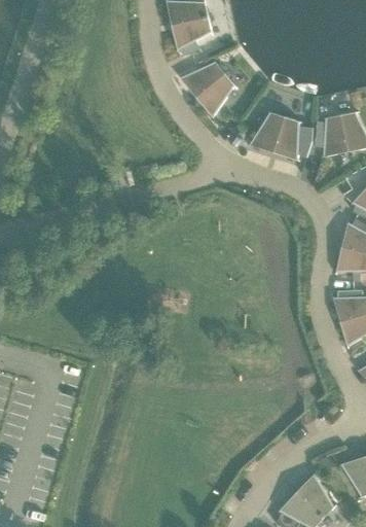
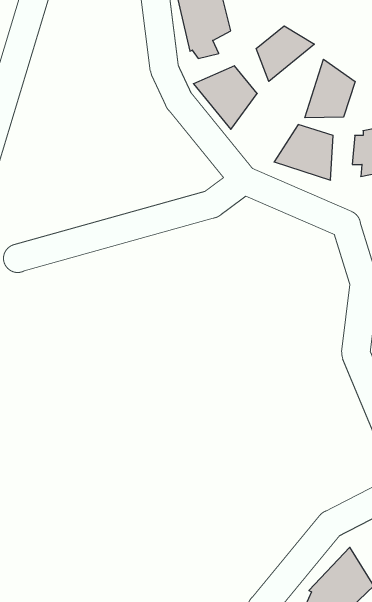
building: none -> [256,26,314,81]
building: none -> [305,59,355,118]

